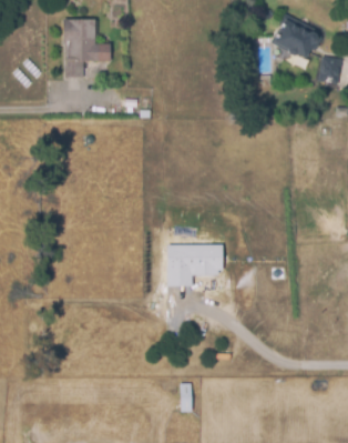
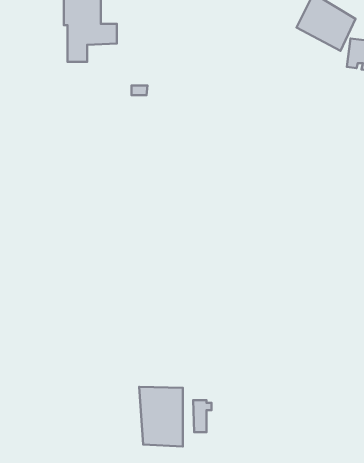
building: [165,246,219,288] -> none
building: none -> [139,387,183,447]

